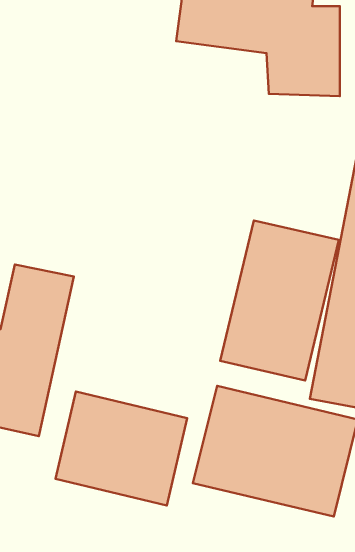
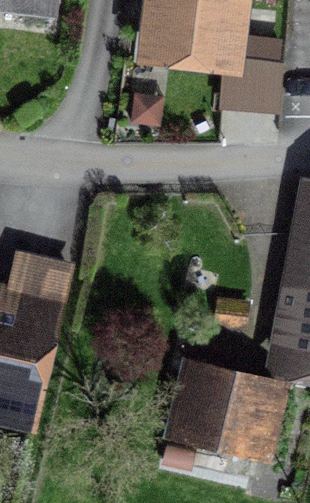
building: [220,220,339,380] -> none
building: [55,391,187,505] -> none

